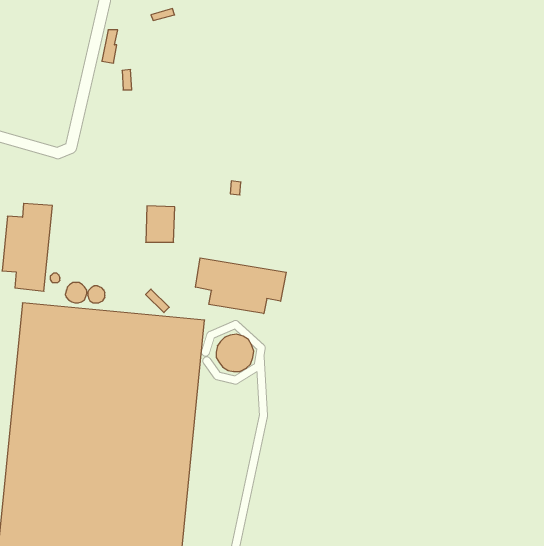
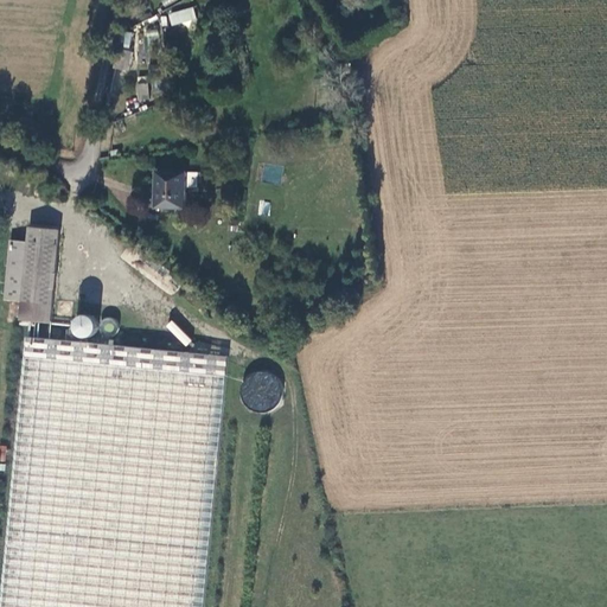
building: [146,206,175,242] -> [152,171,184,211]
building: [196,258,286,314] -> none

